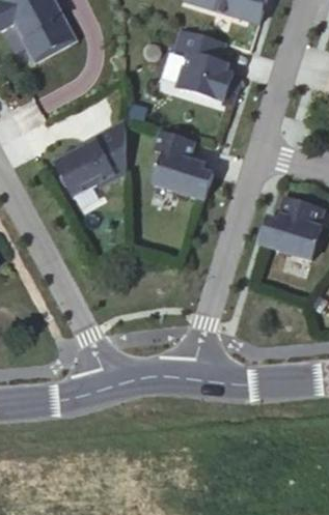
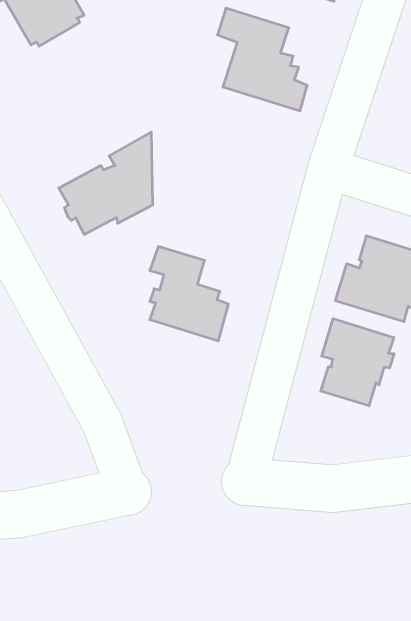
building: [154,132,212,201] -> [150,247,228,341]
building: none -> [321,319,394,406]

